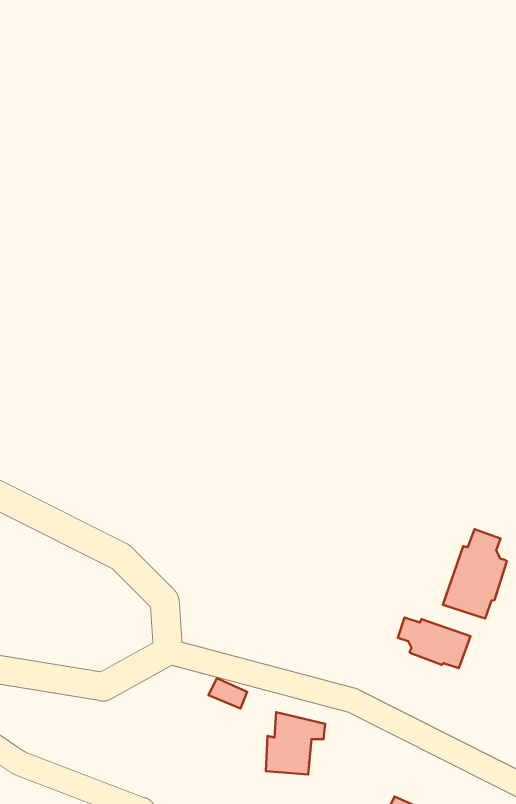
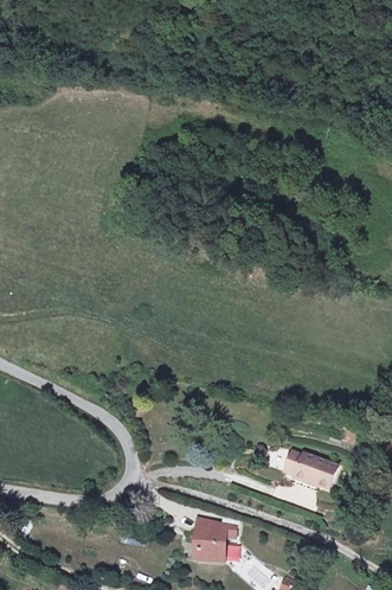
building: [443,529,507,618] -> none

